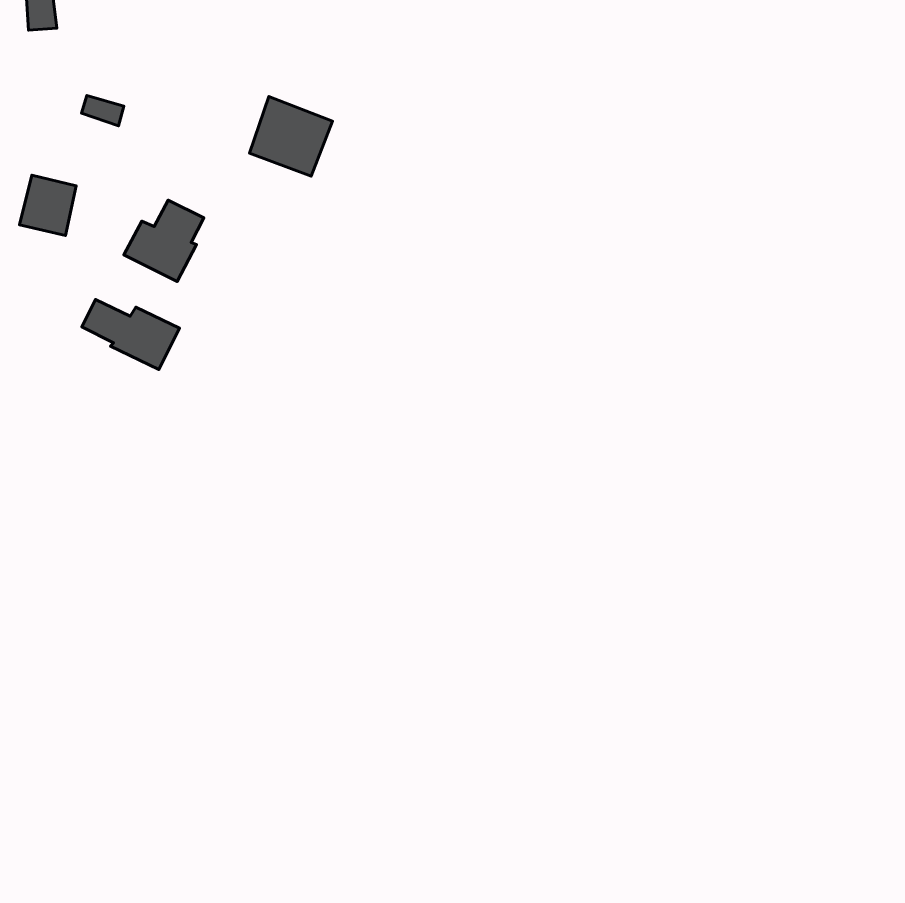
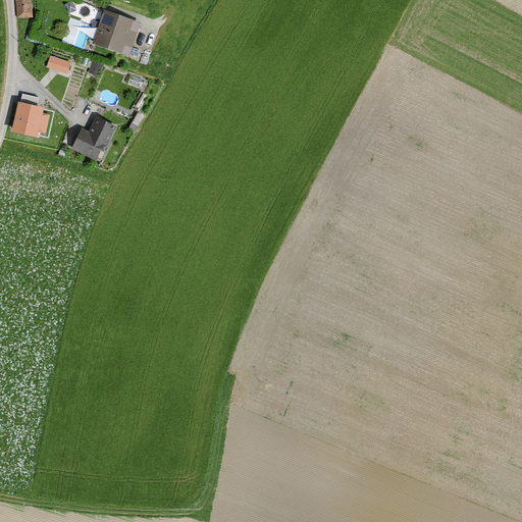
building: [249,96,333,176] -> [93,9,141,55]
building: [82,299,179,370] -> none

